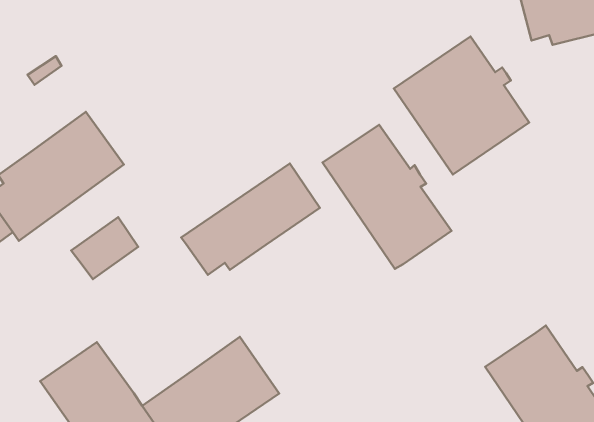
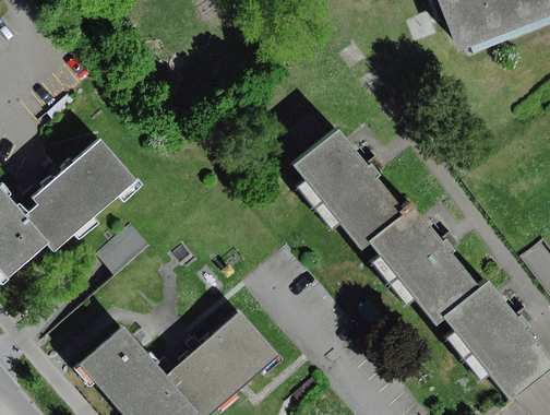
building: [394,36,529,175] -> none
building: [181,163,320,275] -> none
building: none -> [368,204,481,325]

